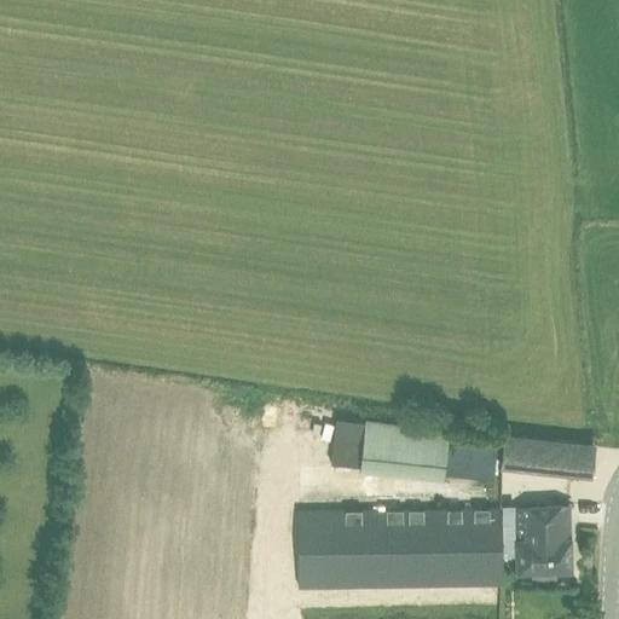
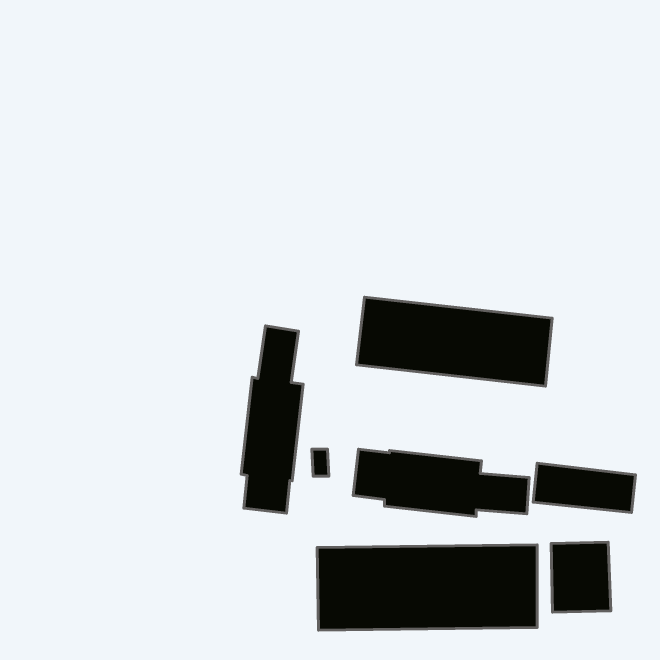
building: none -> [357,297,552,386]
building: none -> [241,326,303,513]

